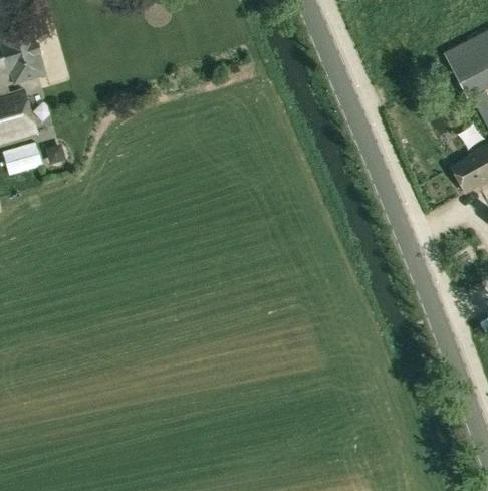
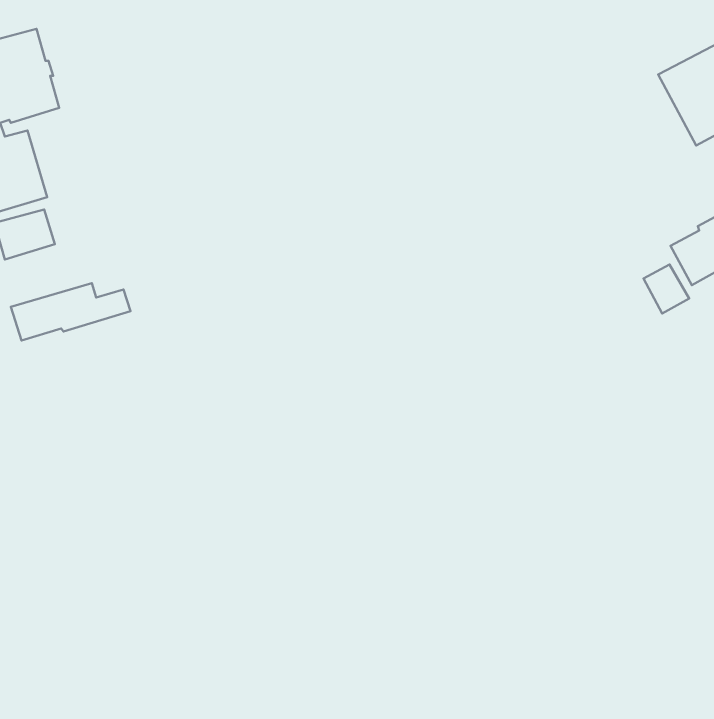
building: none -> [643,264,689,313]
building: none -> [11,283,131,341]

